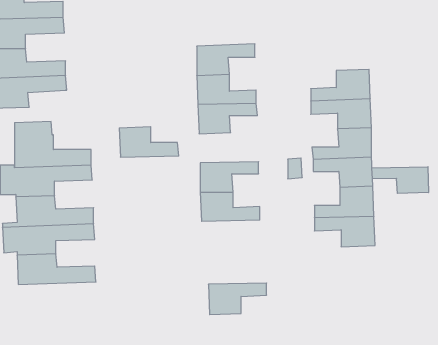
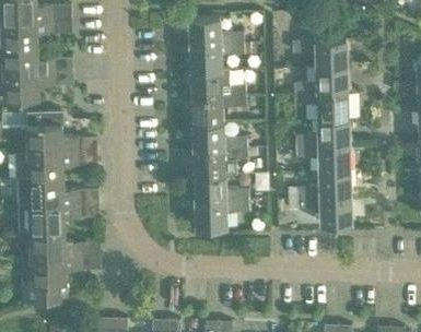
building: none -> [190,16,244,45]
building: none -> [292,38,347,67]
building: [119,127,179,157] -> [194,122,247,150]
building: [372,167,428,193] -> none
building: none -> [21,257,101,303]
building: [208,283,267,315] -> [196,201,248,229]

